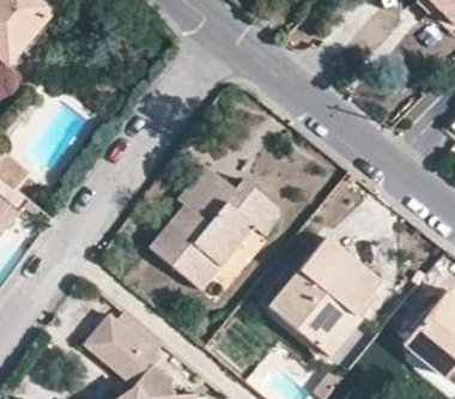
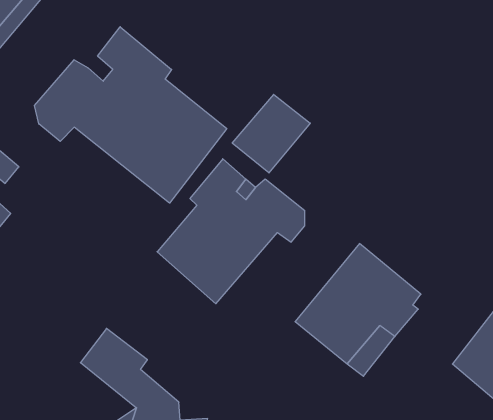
building: none -> [34,27,227,203]
building: none -> [232,94,310,173]

